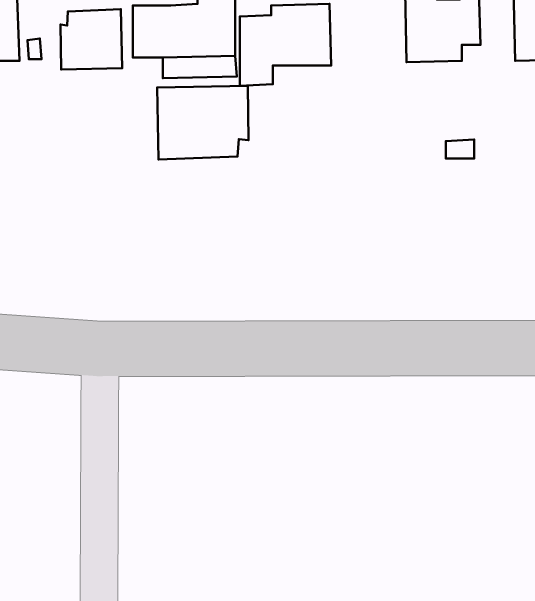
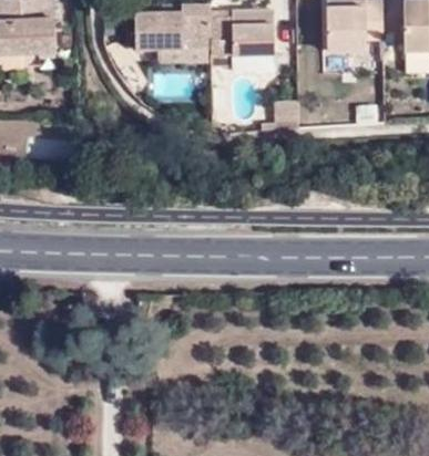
building: [60,9,122,69] -> none
building: [157,86,249,159] -> none

